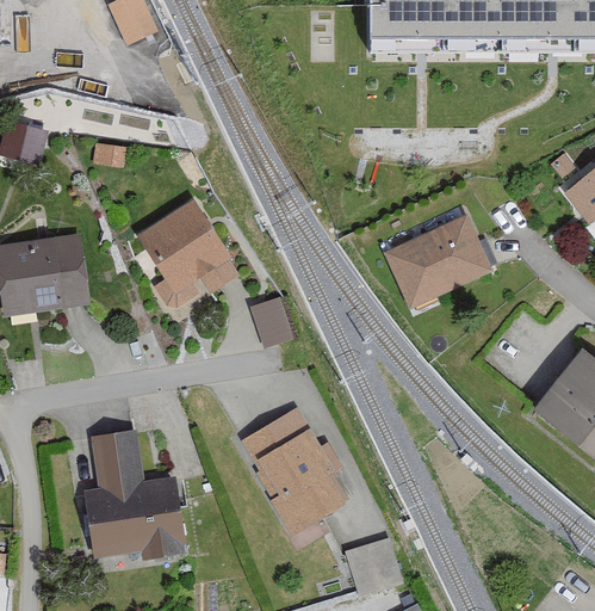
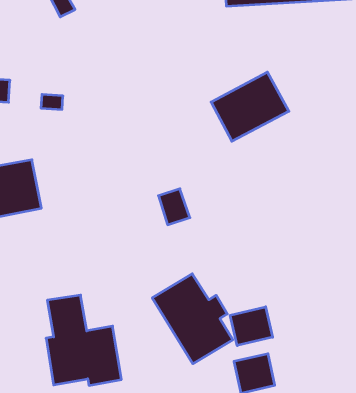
building: [136,200,241,307] -> none
building: [385,215,495,310] -> [211,72,289,141]
building: none -> [230,307,273,346]

